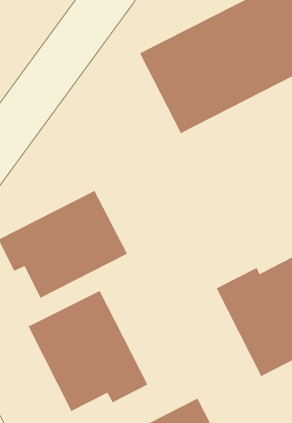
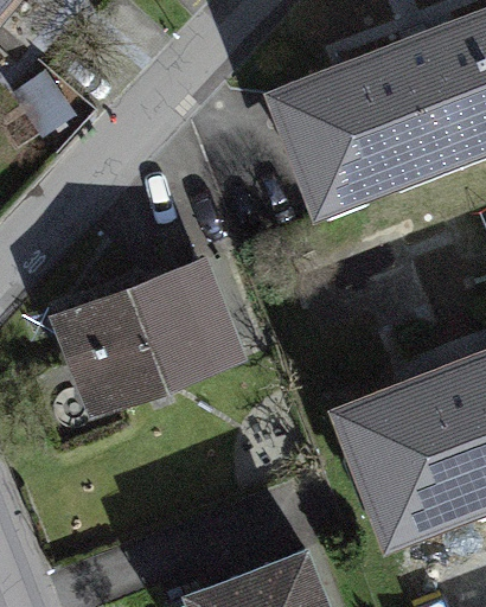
building: [28,290,148,412] -> none

